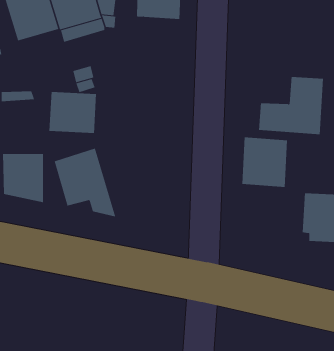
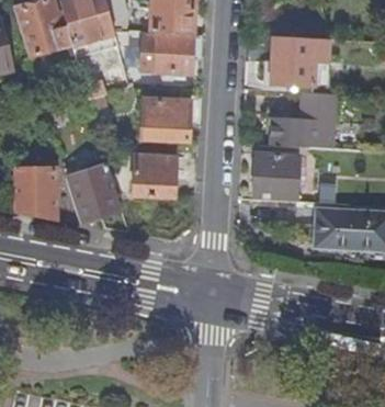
building: none -> [140,32,192,72]
building: none -> [271,35,315,84]
building: [49,92,97,133] -> [141,99,190,140]
building: none -> [133,154,175,196]

